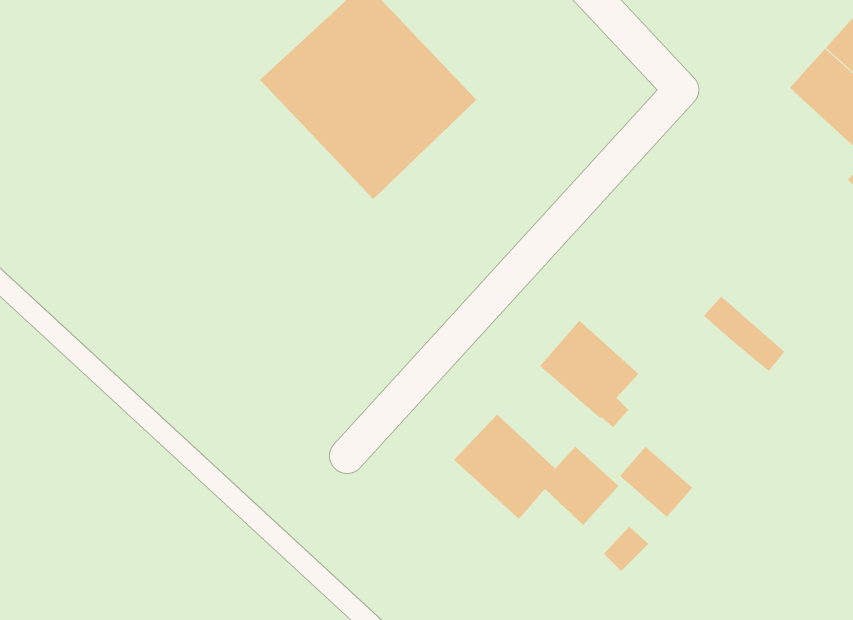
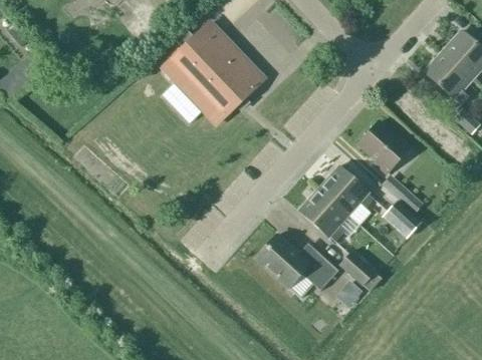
building: none -> [358,120,411,172]
building: none -> [318,164,374,214]
building: none -> [382,199,422,238]

